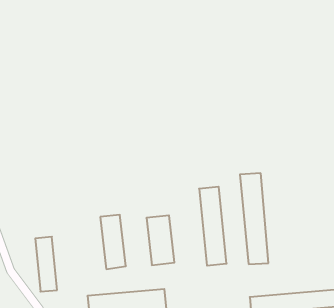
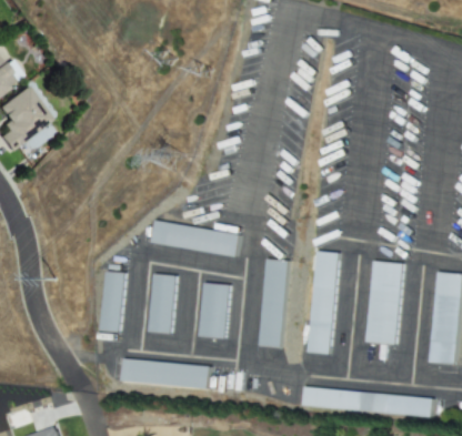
building: none -> [149,220,240,257]
building: none -> [366,261,401,344]
building: [35,237,57,292] -> [101,271,123,332]

